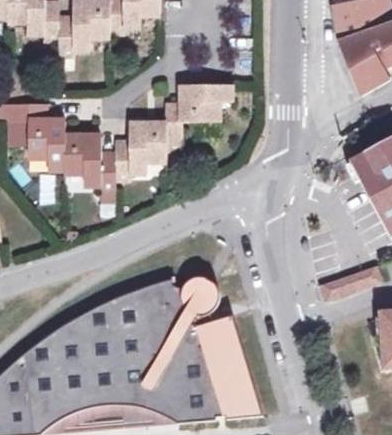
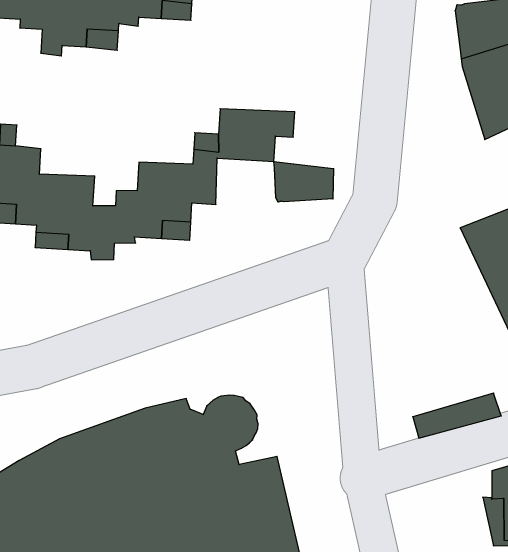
building: none -> [274,161,334,202]

